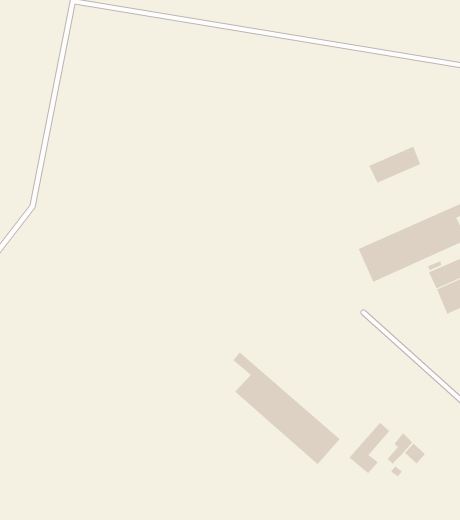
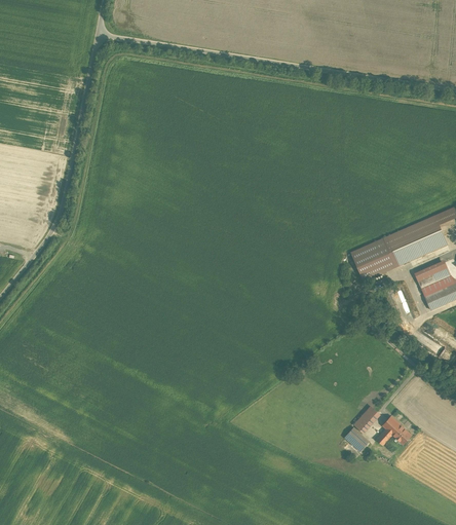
building: [369,146,421,183] -> none
building: [232,351,340,465] -> none

